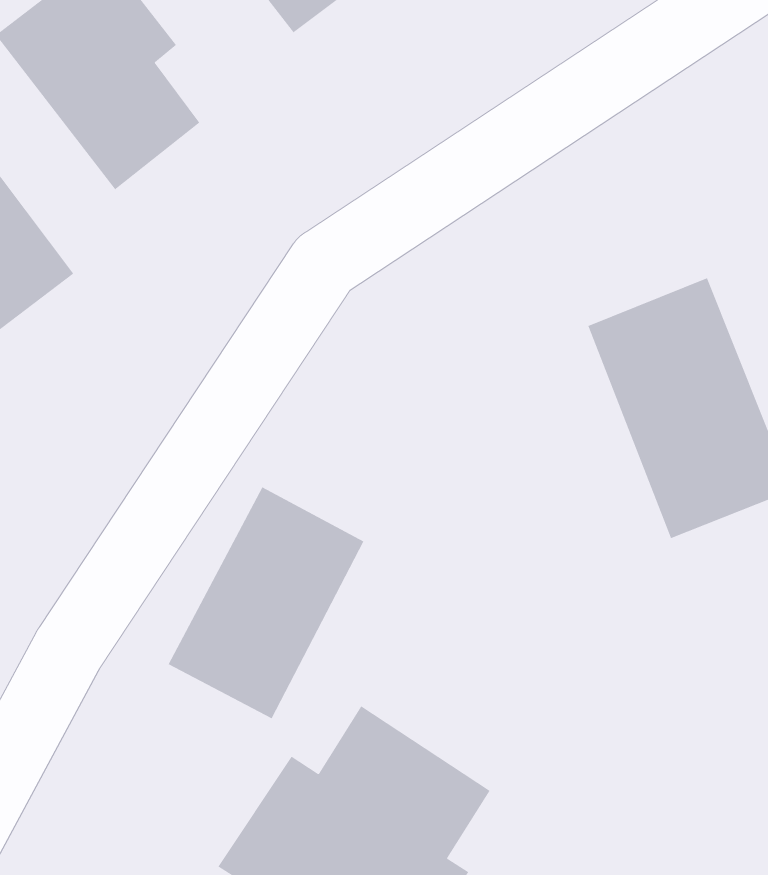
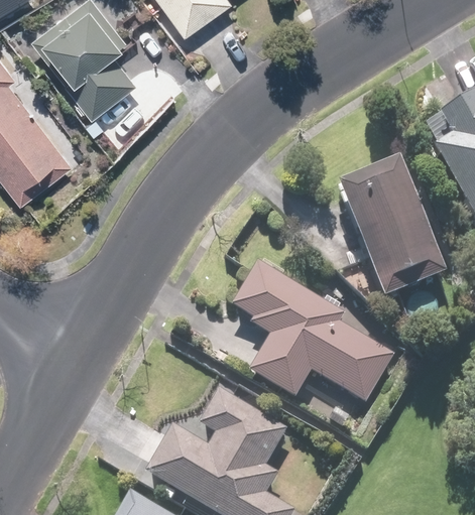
building: none -> [228,262,395,402]
building: [168,487,364,719] -> none

